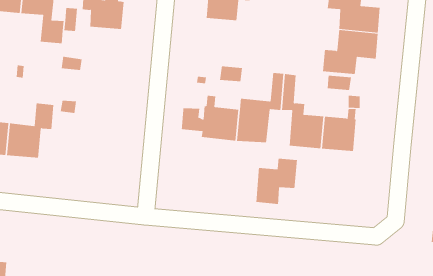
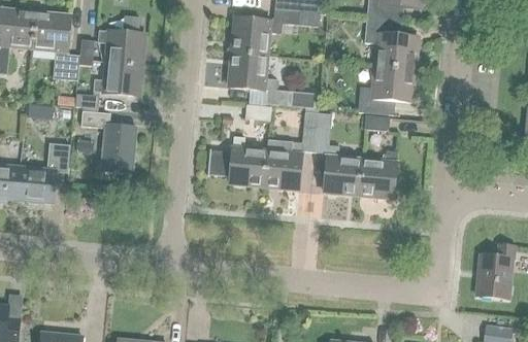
building: none -> [229,52,316,105]
building: none -> [95,61,141,95]
building: none -> [80,112,135,173]
building: [256,158,297,205] -> none

